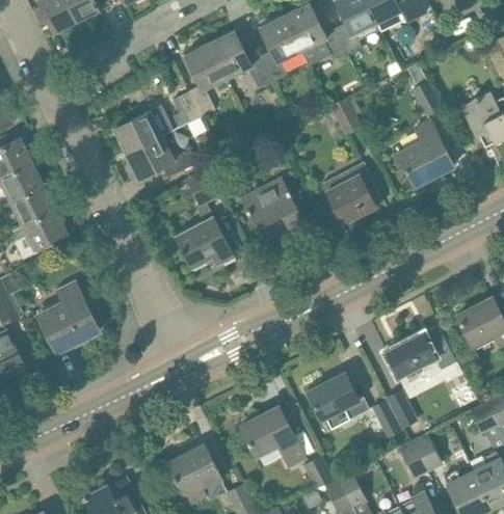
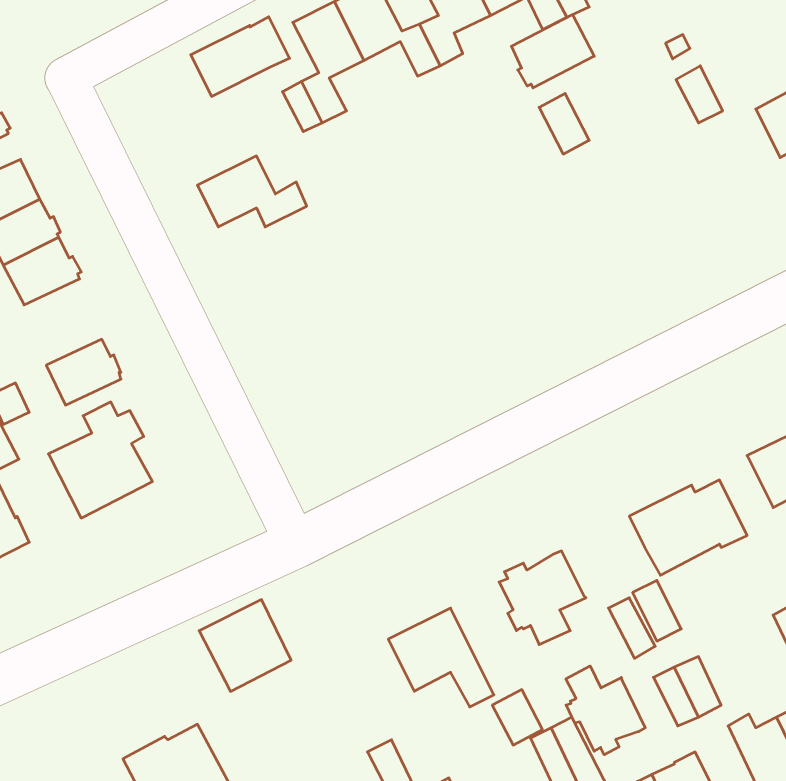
building: none -> [511,15,594,88]
building: [113,105,173,153] -> [191,17,290,96]
building: [397,120,453,186] -> none
building: [325,163,376,222] -> none
building: [175,169,234,268] -> none
building: [240,177,302,241] -> none
building: [22,209,67,248] -> [46,339,121,405]
building: none -> [566,666,645,755]
building: [166,443,221,498] -> [199,600,291,691]

